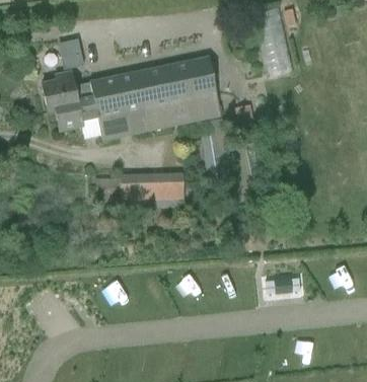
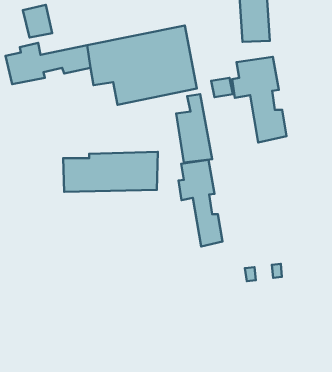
building: none -> [232,57,287,143]
building: [48,94,146,138] -> none
building: none -> [179,160,222,247]

